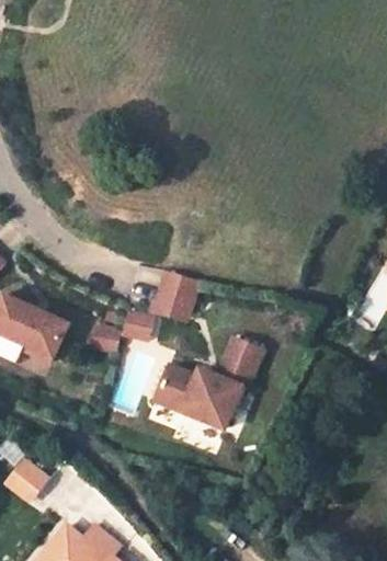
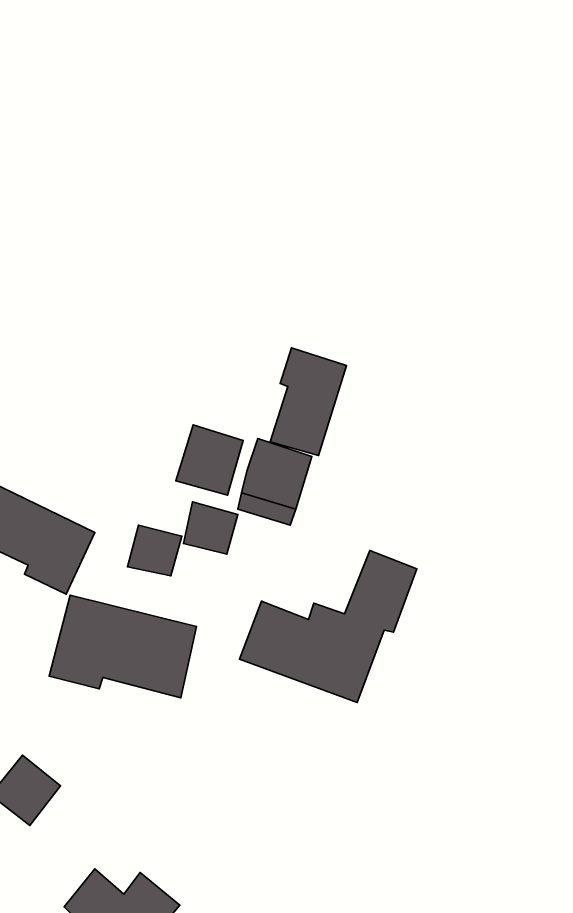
building: none -> [270,348,346,456]
building: none -> [176,425,243,495]
building: none -> [49,595,197,698]

